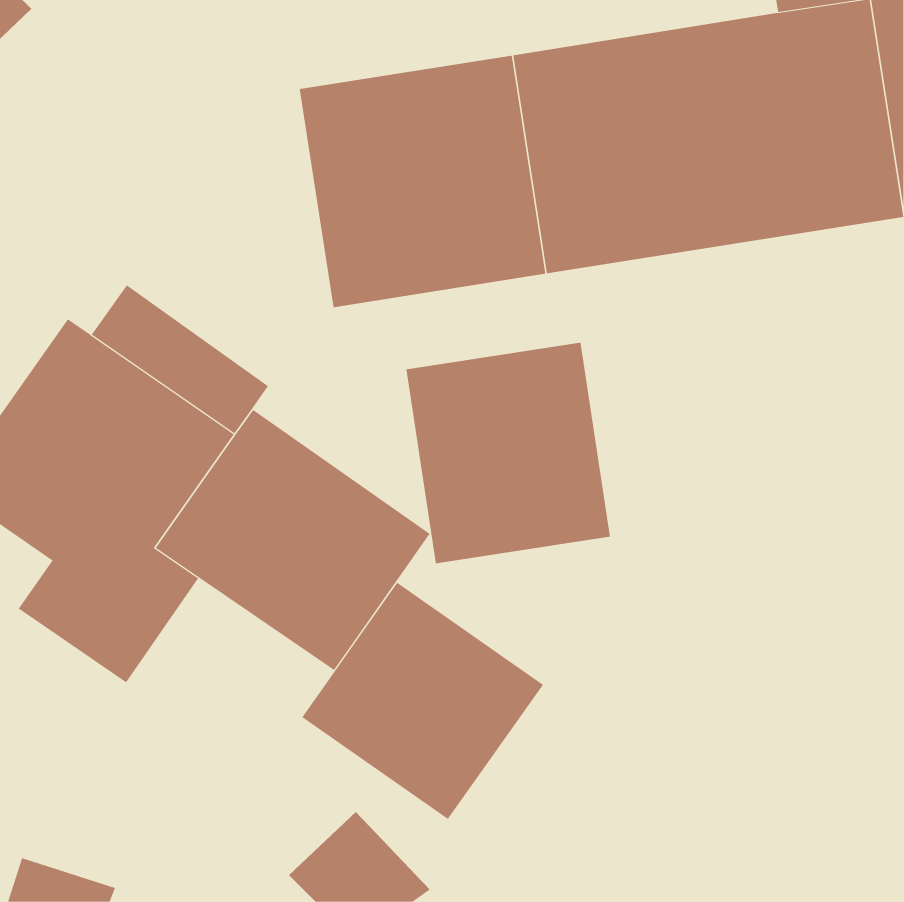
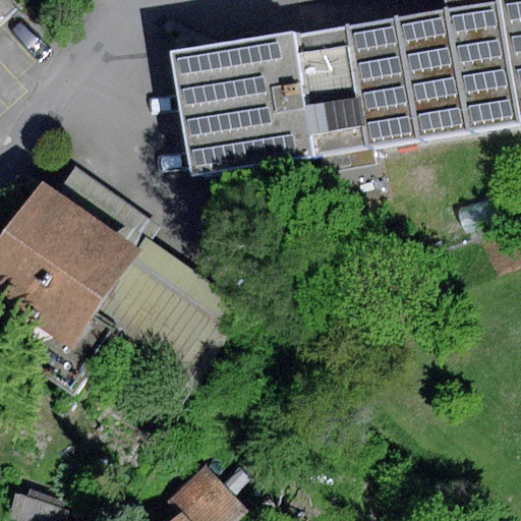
building: [406,342,610,564] -> none
building: [302,582,544,820] -> none

